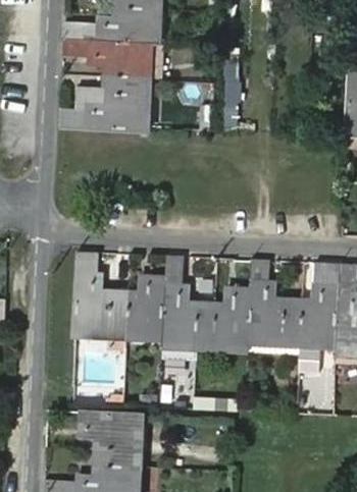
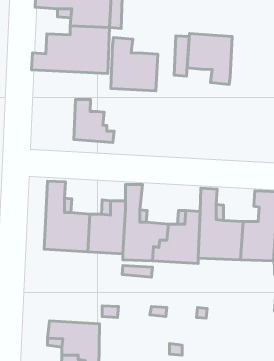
building: none -> [187,34,232,85]
building: none -> [111,37,158,91]
building: none -> [74,99,114,143]

